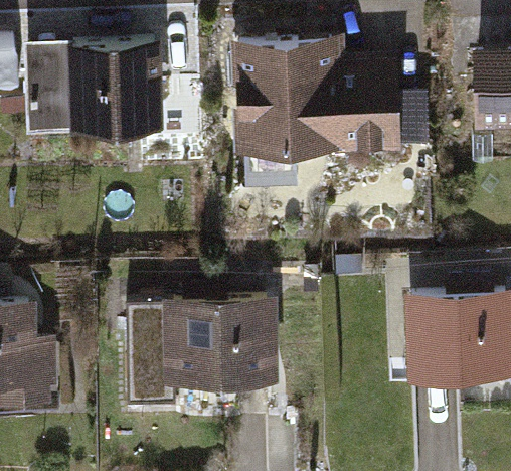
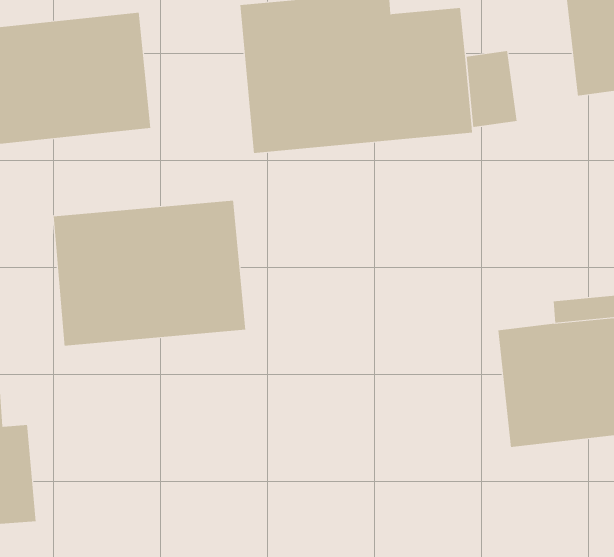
building: none -> [53,200,246,346]
building: [126,302,277,405] -> none

